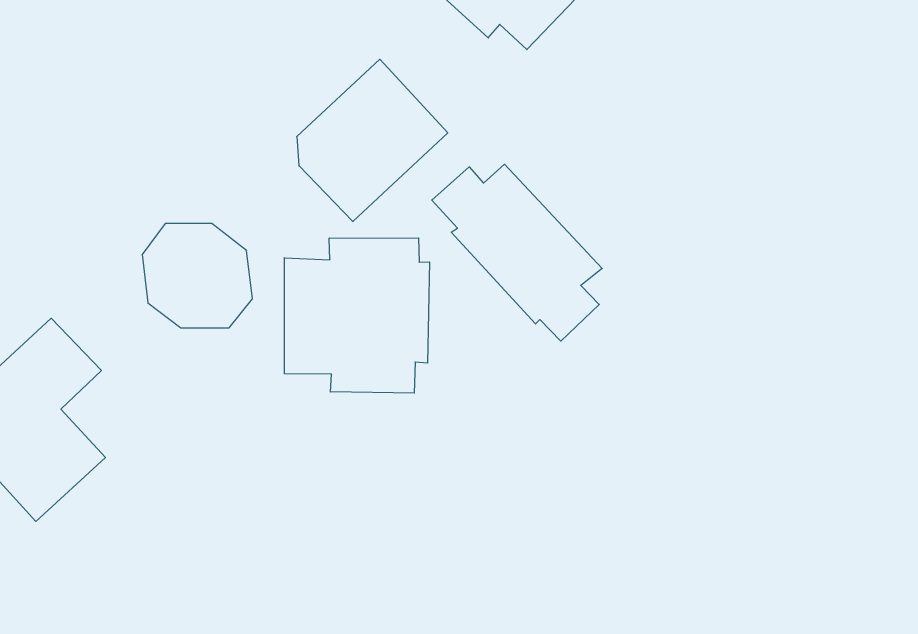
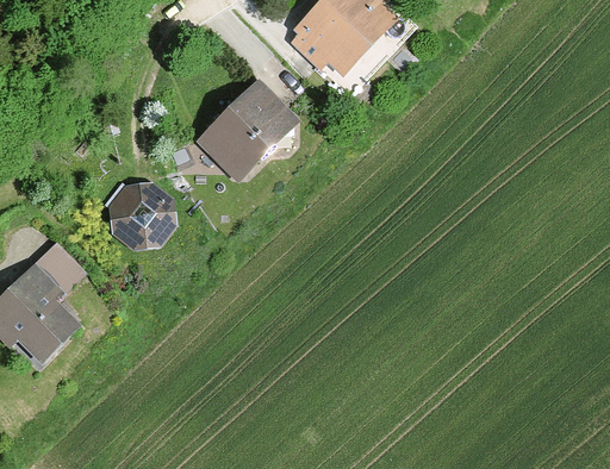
building: [432,164,602,341] -> none
building: [284,238,430,393] -> none

